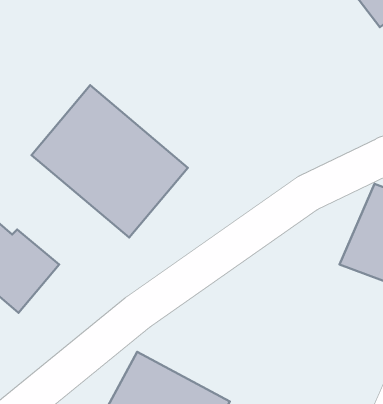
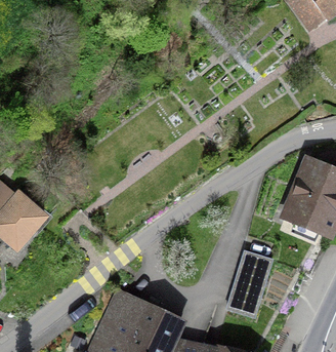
building: [32,85,188,238] -> none
building: none -> [227,250,270,316]

